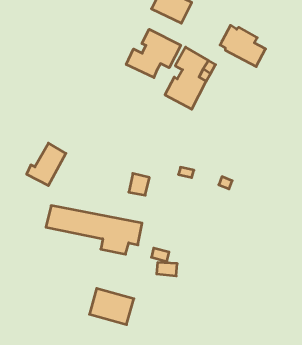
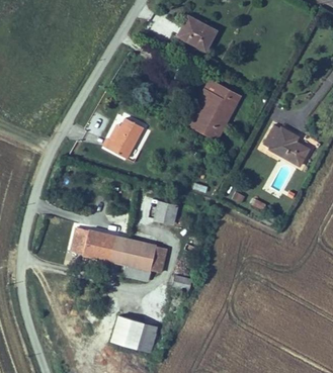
building: [220,25,266,67] -> [269,128,314,169]
building: [126,29,181,78] -> none
building: [27,143,66,186] -> [101,118,140,160]

